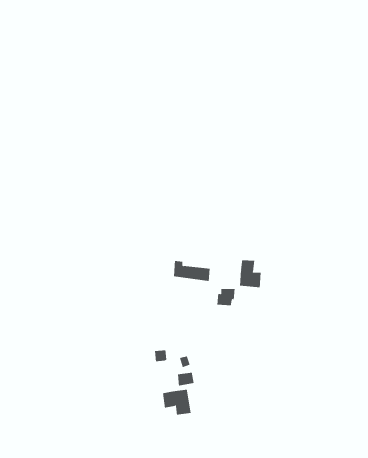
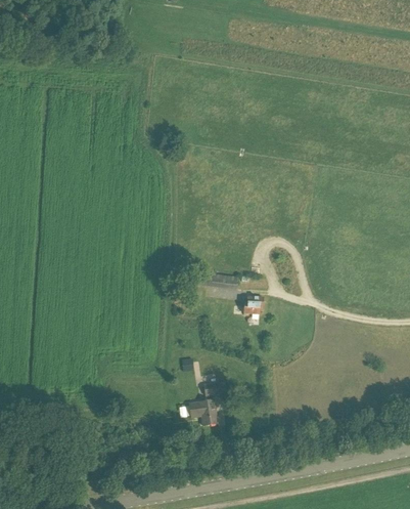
building: [240,259,261,288] -> none

